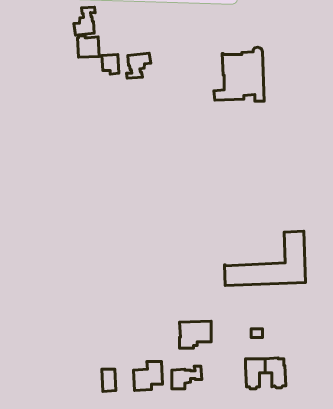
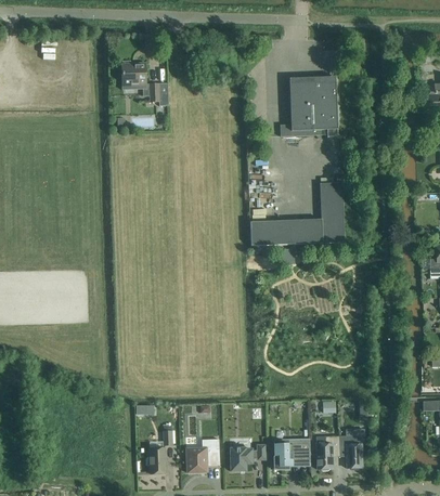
building: [74,7,95,35] -> none
building: [126,53,151,78] -> none
building: [224,231,306,285] -> [250,182,345,245]
building: [180,321,211,348] -> [273,438,310,469]

